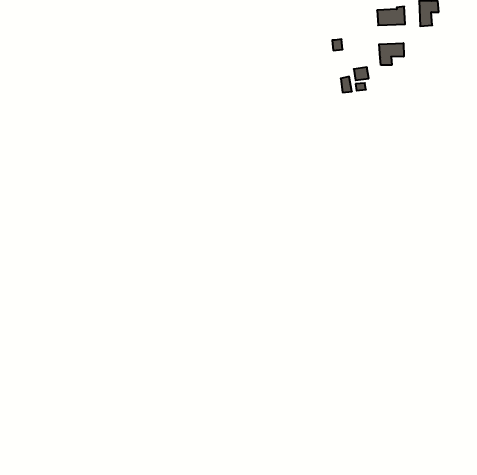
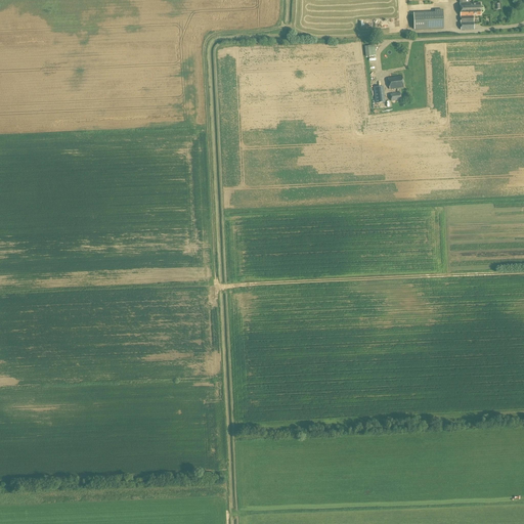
building: [379,43,404,65] -> none

